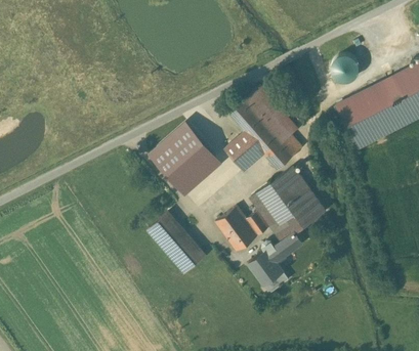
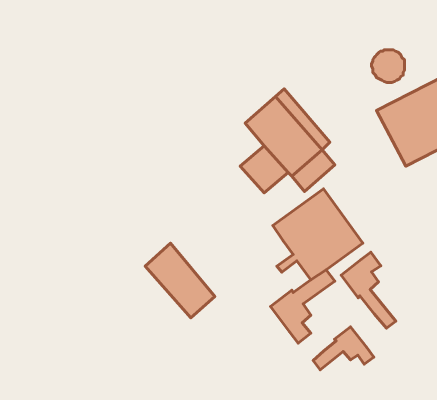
building: [150,123,217,189] -> none
building: [215,207,267,251] -> none
building: none -> [341,252,396,328]
building: none -> [313,327,374,370]

